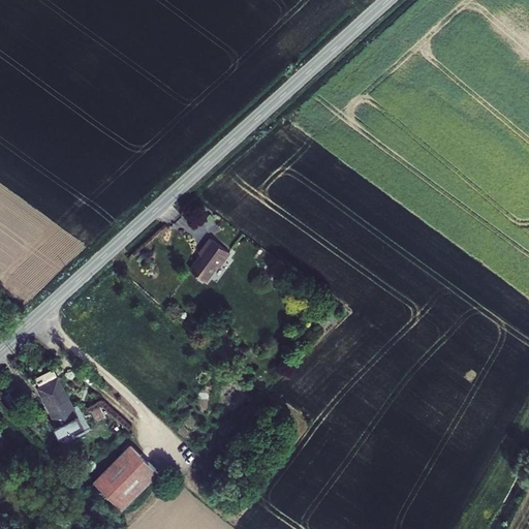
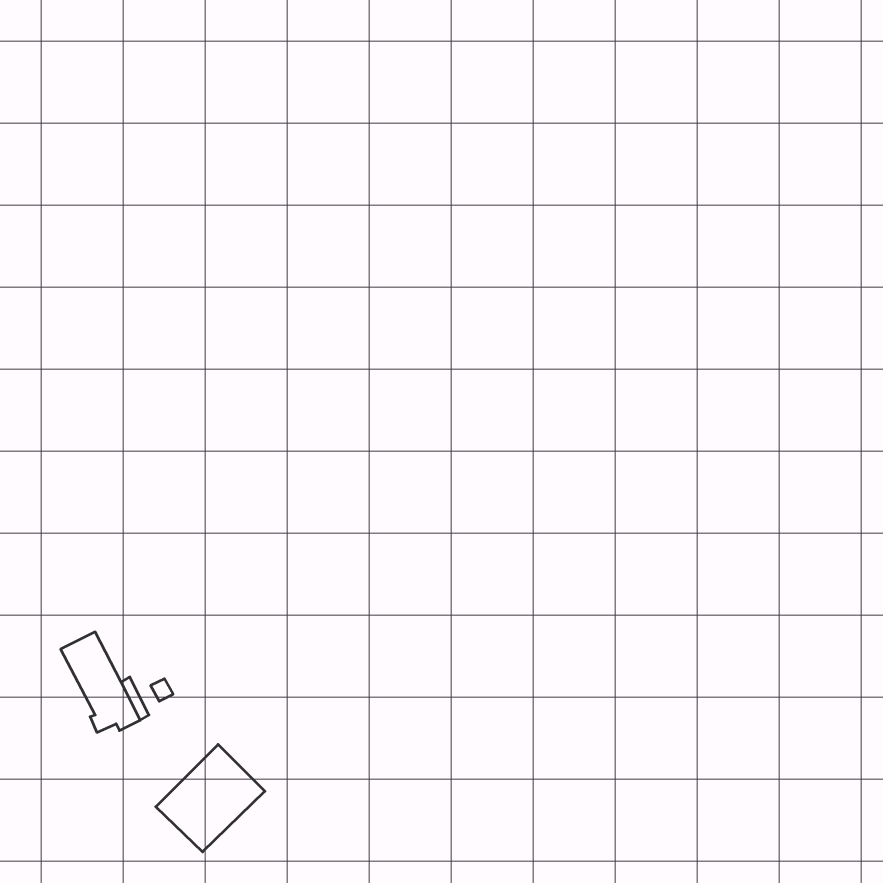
building: [189,240,228,282] -> none

